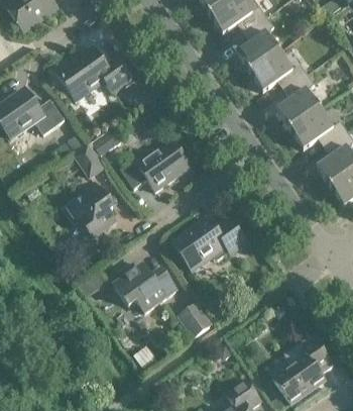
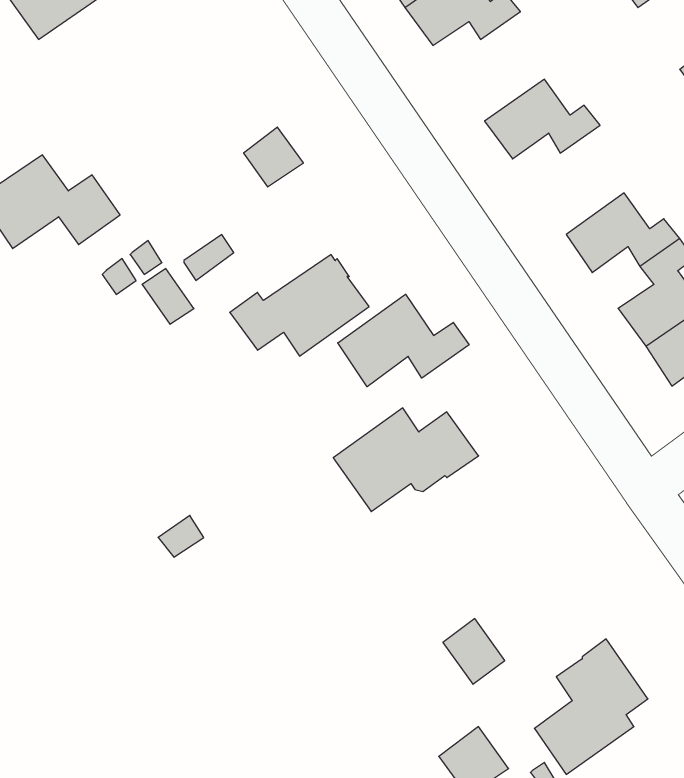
building: [236,16,279,72] -> none
building: [53,46,133,100] -> none
building: [276,74,320,129] -> none
building: none -> [338,294,469,387]
building: [67,181,112,235] -> none
building: [114,264,177,311] -> none
building: [183,304,214,337] -> [443,619,505,684]

